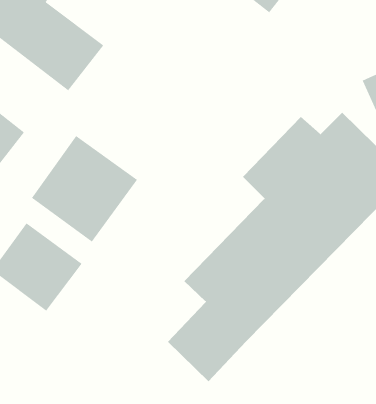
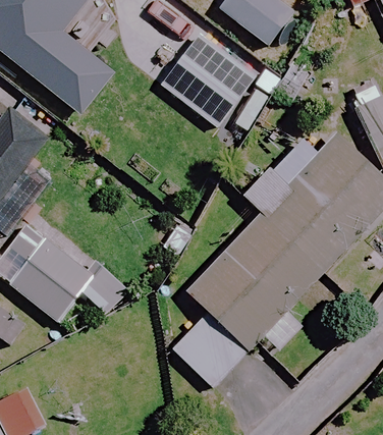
building: none -> [161,33,257,127]
building: [31,135,138,243] -> none

